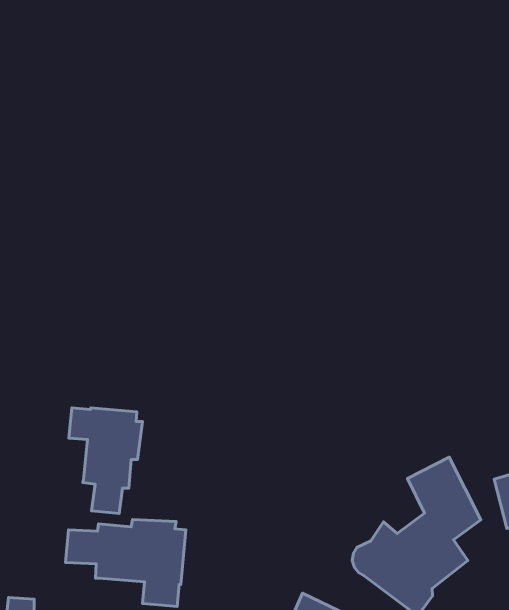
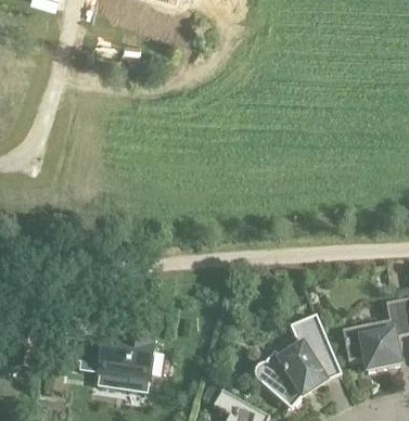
building: [69,408,142,513] -> none

